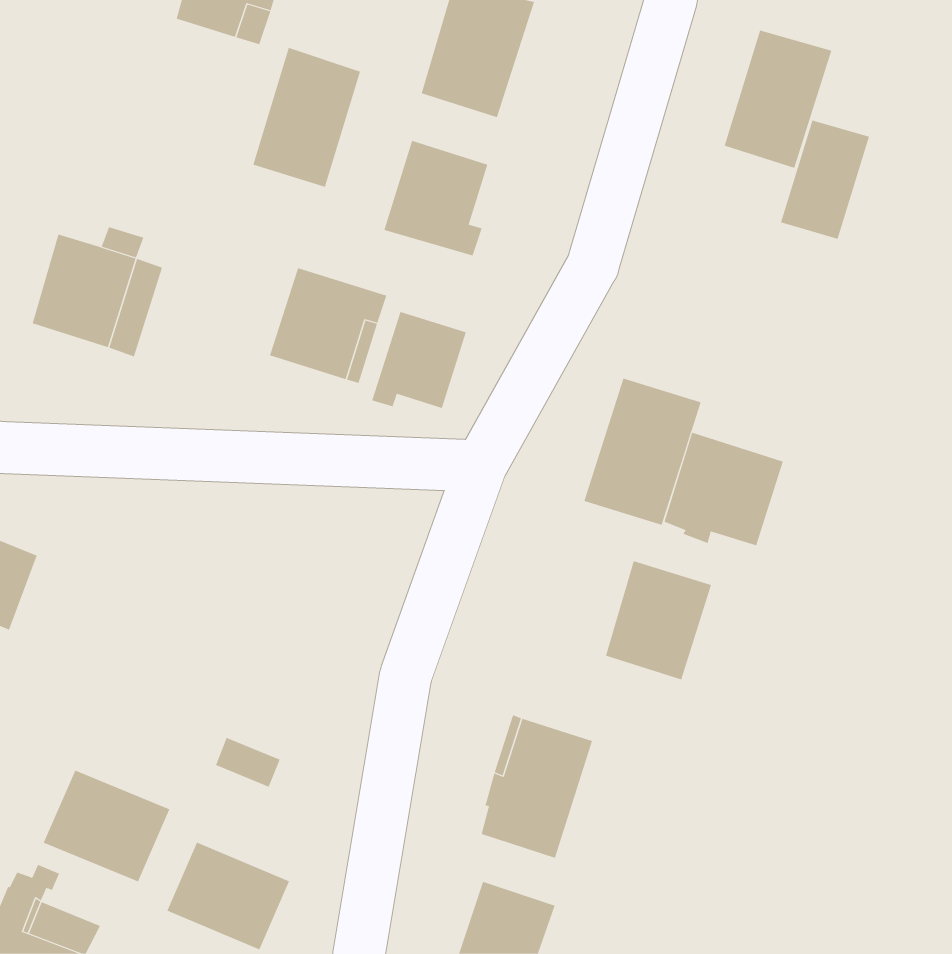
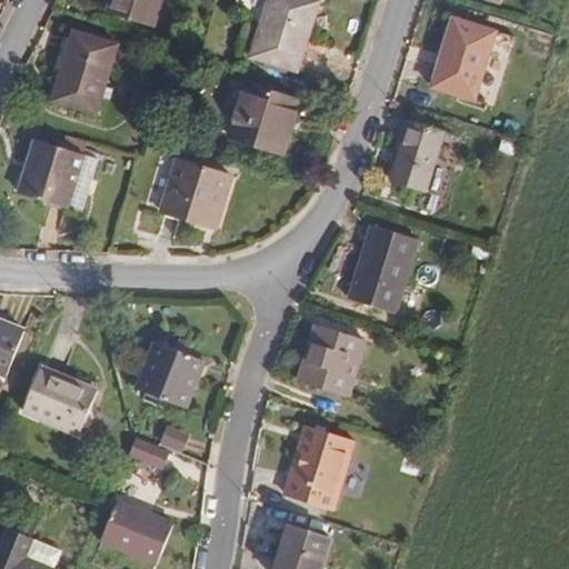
building: [252,47,361,187] -> [51,30,116,113]
building: [780,120,870,239] -> [389,120,442,191]
building: [371,311,466,409] -> none
building: [664,432,784,546] -> none
building: [605,560,712,680] -> [299,325,362,396]
building: none -> [137,341,202,407]
building: [43,770,170,882] -> [21,367,97,433]

